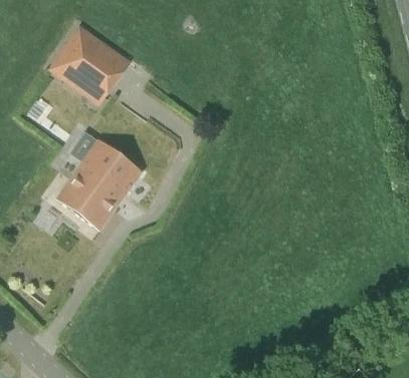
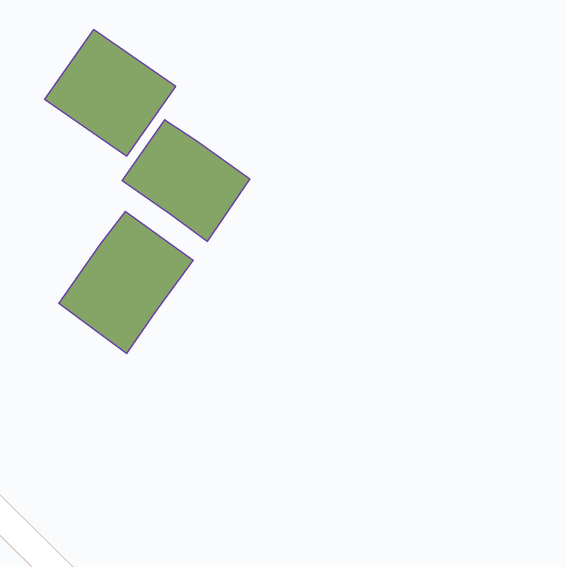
building: none -> [122,120,250,241]

